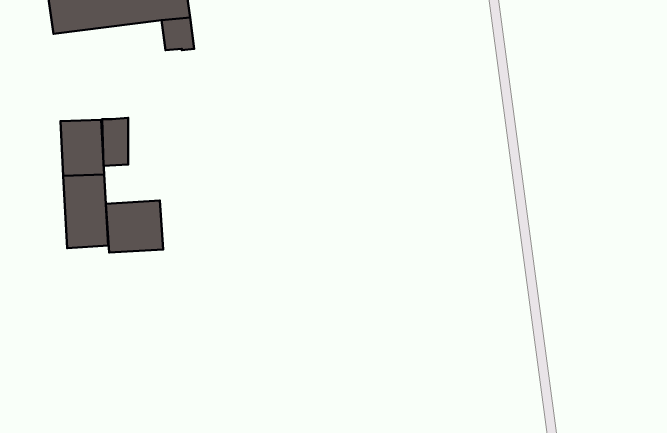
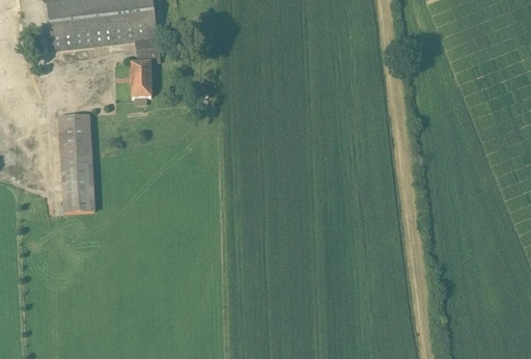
building: [102,118,128,166] -> [132,64,151,101]
building: [106,201,163,253] -> none

